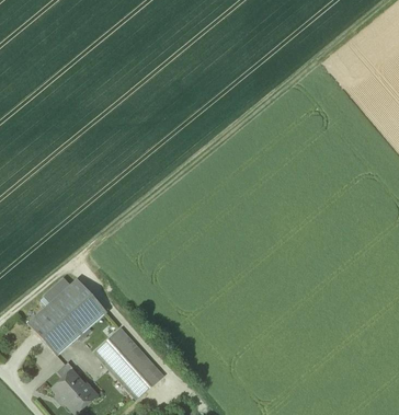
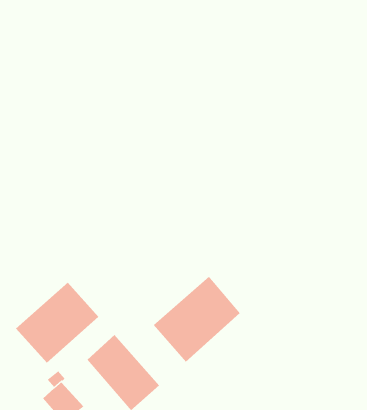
building: none -> [153,276,241,362]

